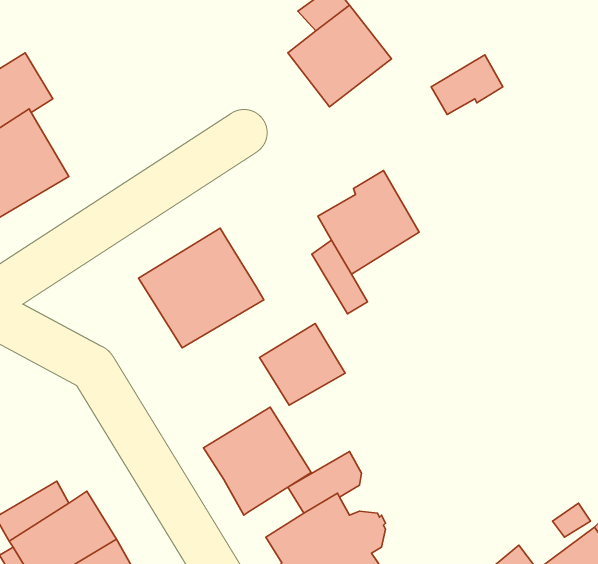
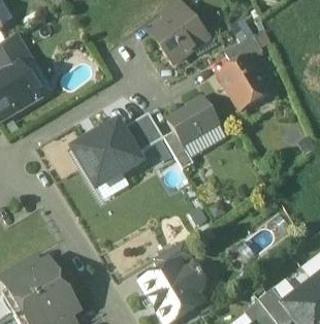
building: none -> [222,57,270,108]
building: [259,323,345,405] -> [121,111,165,154]
building: [204,407,311,515] -> none

